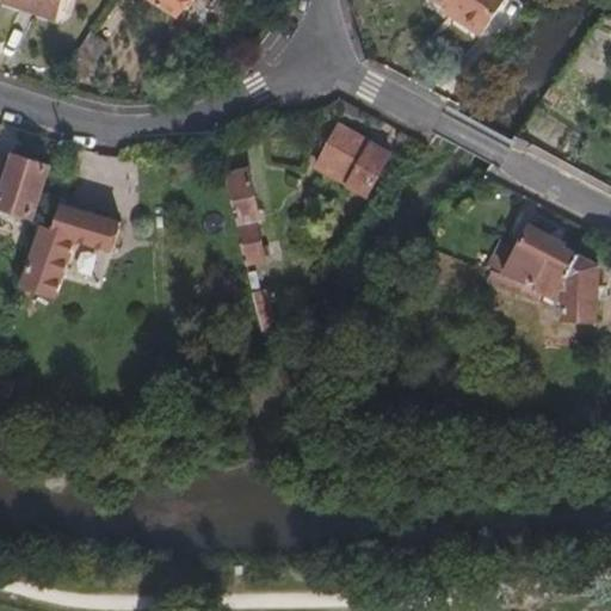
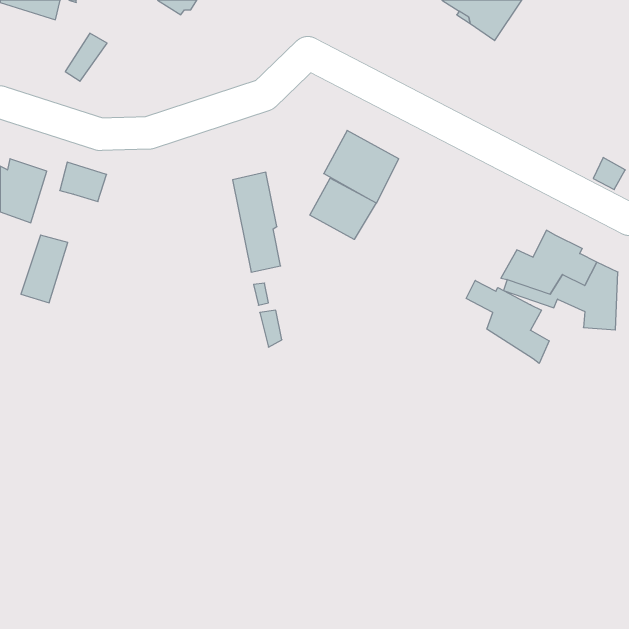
building: none -> [310,178,376,239]
building: [53,204,98,242] -> [60,162,107,202]
building: none -> [466,280,549,363]

